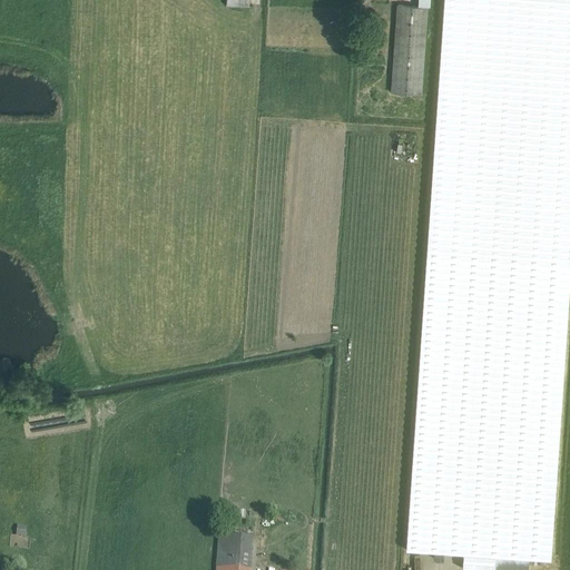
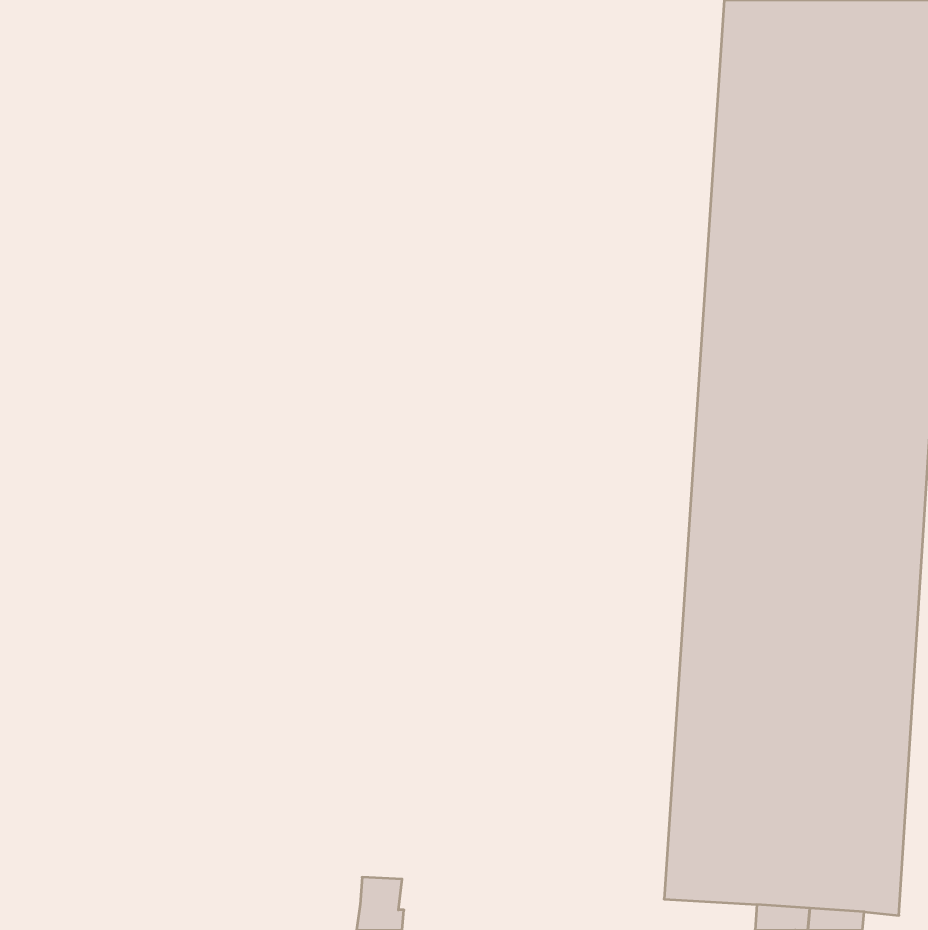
building: [392,4,428,95] -> none

